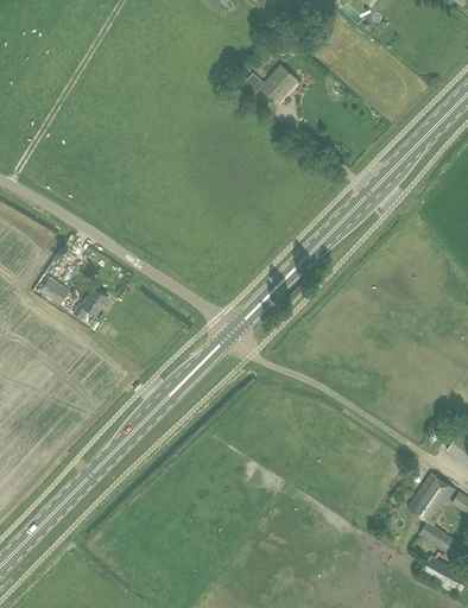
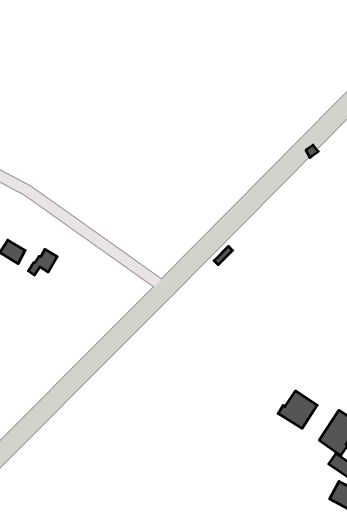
building: [238,64,297,102] -> none
building: none -> [278,391,317,428]

